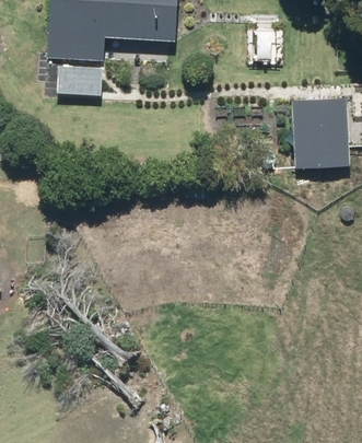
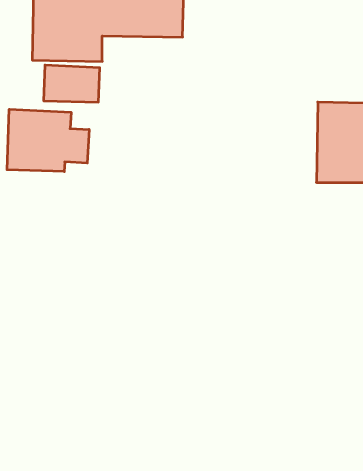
building: none -> [7,109,89,172]

